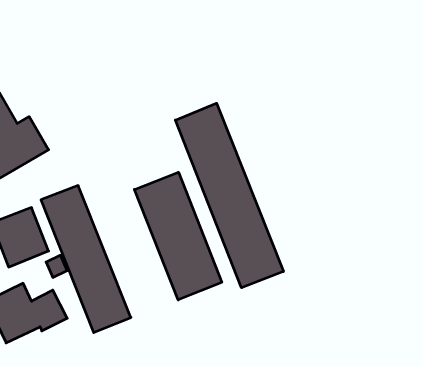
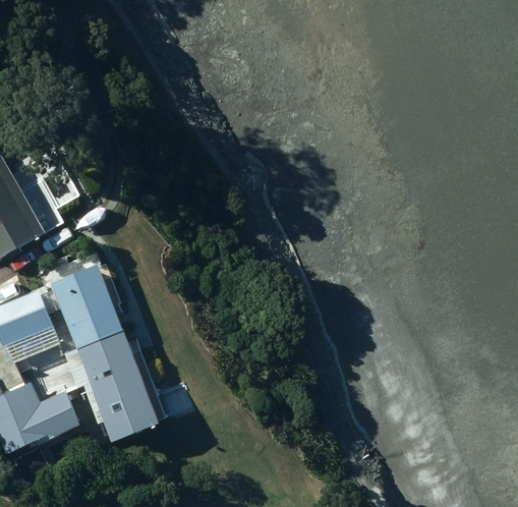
building: [175,103,283,288] -> none
building: [134,172,222,300] -> none

